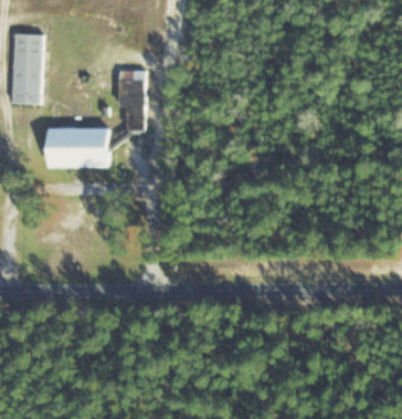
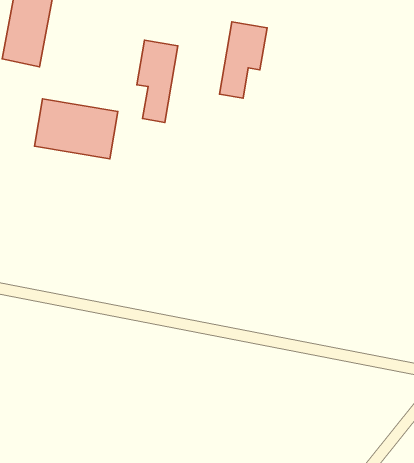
building: none -> [220,22,267,98]

